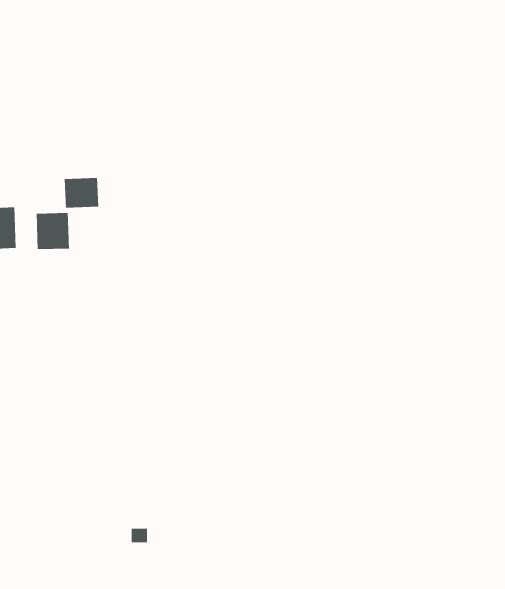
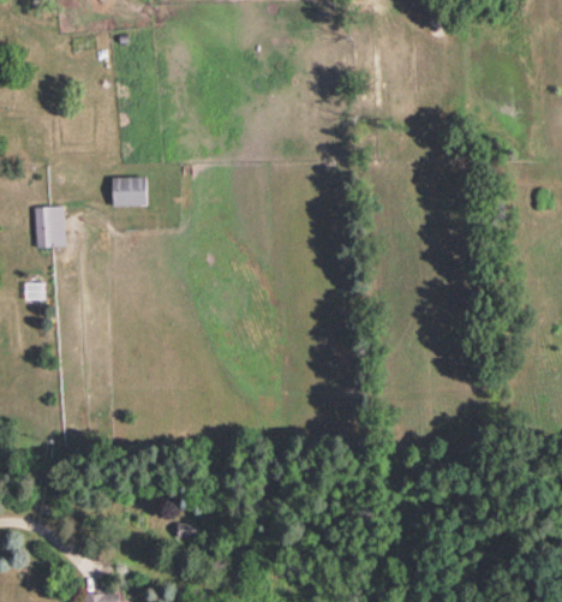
building: [36,212,69,250] -> none

